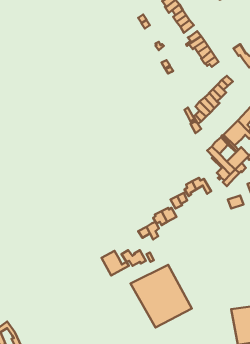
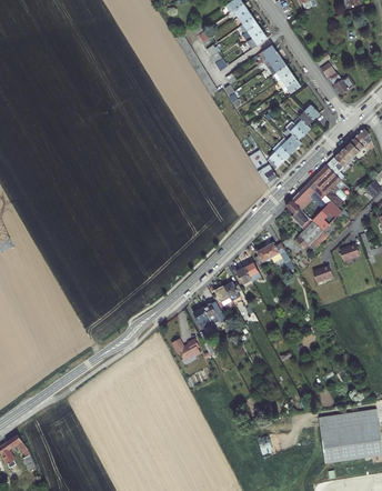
building: [102,251,129,276] -> none
building: [130,265,192,328] -> none

